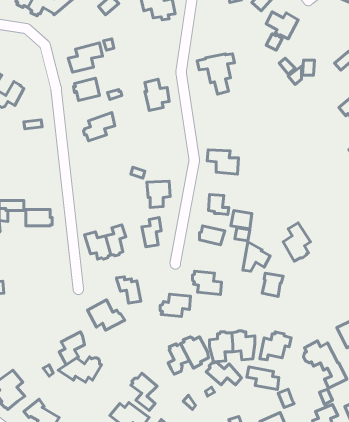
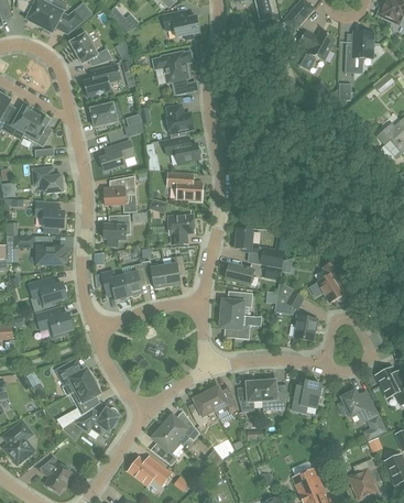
building: none -> [343,31,373,73]
building: none -> [69,33,111,66]
building: [197,54,235,94] -> [152,51,193,95]
building: none -> [22,113,48,146]
building: none -> [164,136,200,164]
building: none -> [32,166,65,193]
building: none -> [103,175,135,205]
building: [207,150,238,174] -> [167,173,201,199]
building: none -> [35,201,64,227]
building: none -> [103,214,130,247]
building: none -> [29,276,66,303]
building: none -> [35,306,73,337]
building: [117,277,141,303] -> [141,260,167,288]
building: [160,294,191,316] -> [219,291,252,315]
building: [87,300,125,330] -> [55,357,96,390]
building: [206,362,241,385] -> [163,413,201,438]
building: [247,367,279,389] -> none

